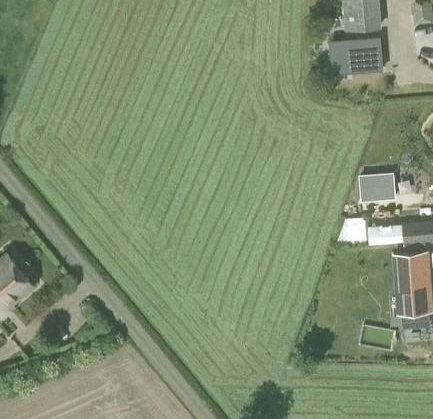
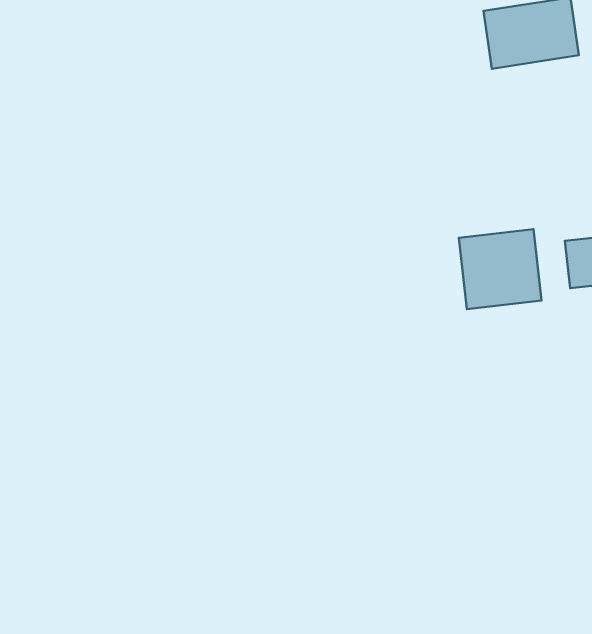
building: none -> [459,229,542,309]

